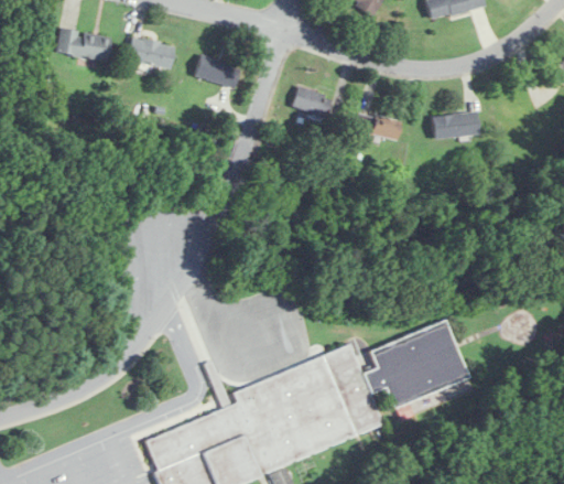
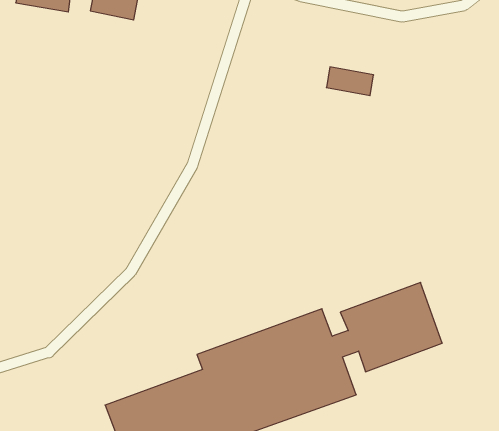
building: [196,55,241,87] -> none
building: [291,84,334,121] -> none
building: [433,111,480,138] -> none

